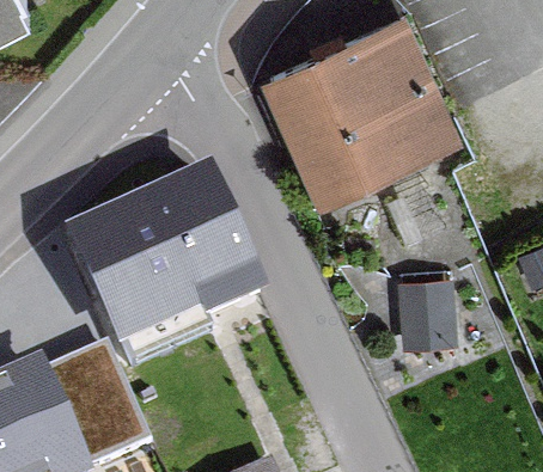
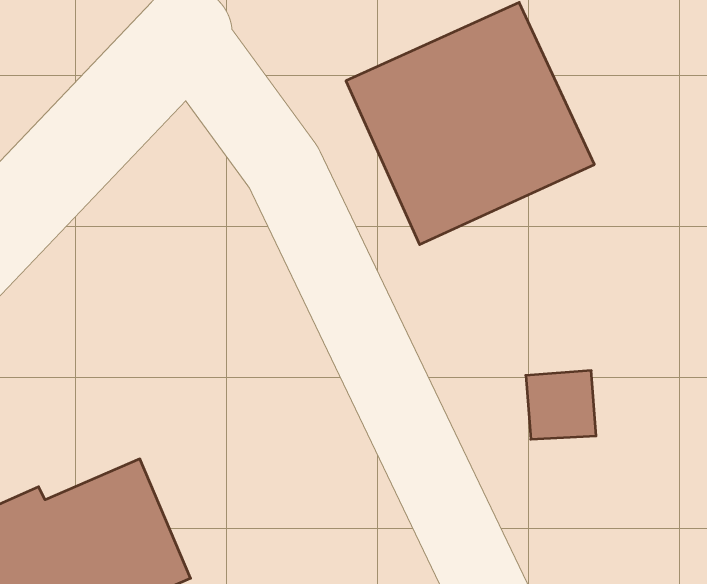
building: [80,190,252,335] -> none

